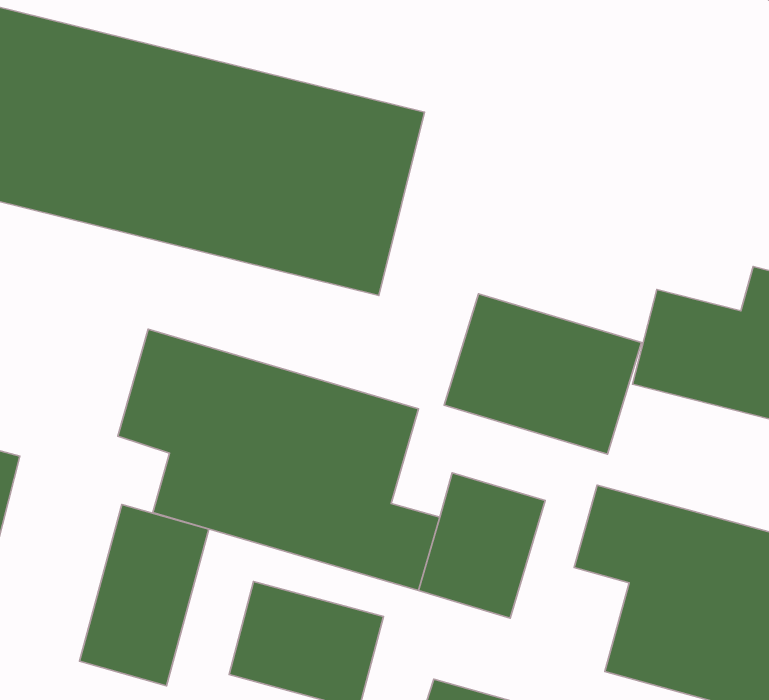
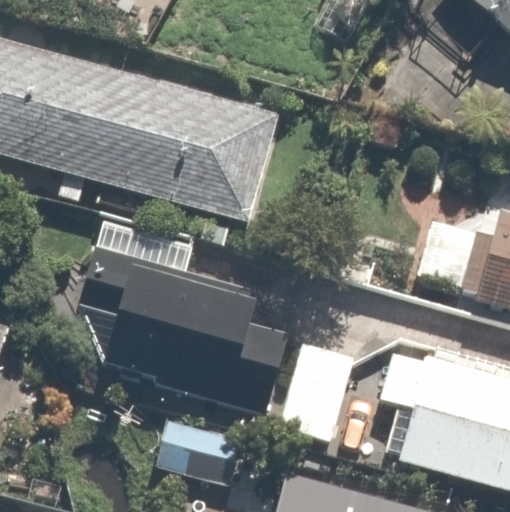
building: [444,294,642,454] -> none
building: [80,505,209,686] -> none

